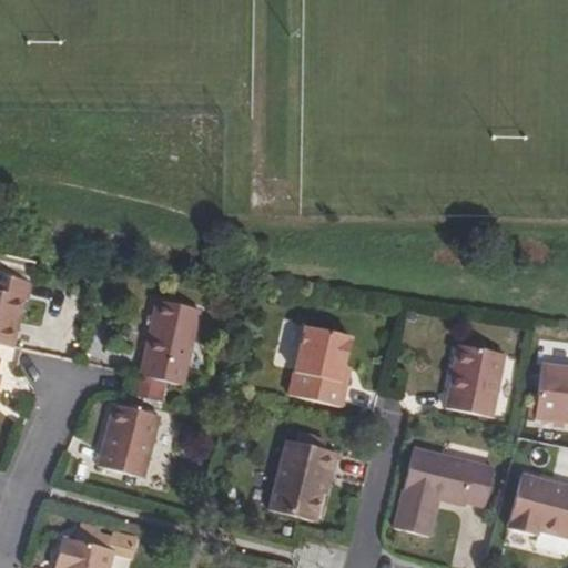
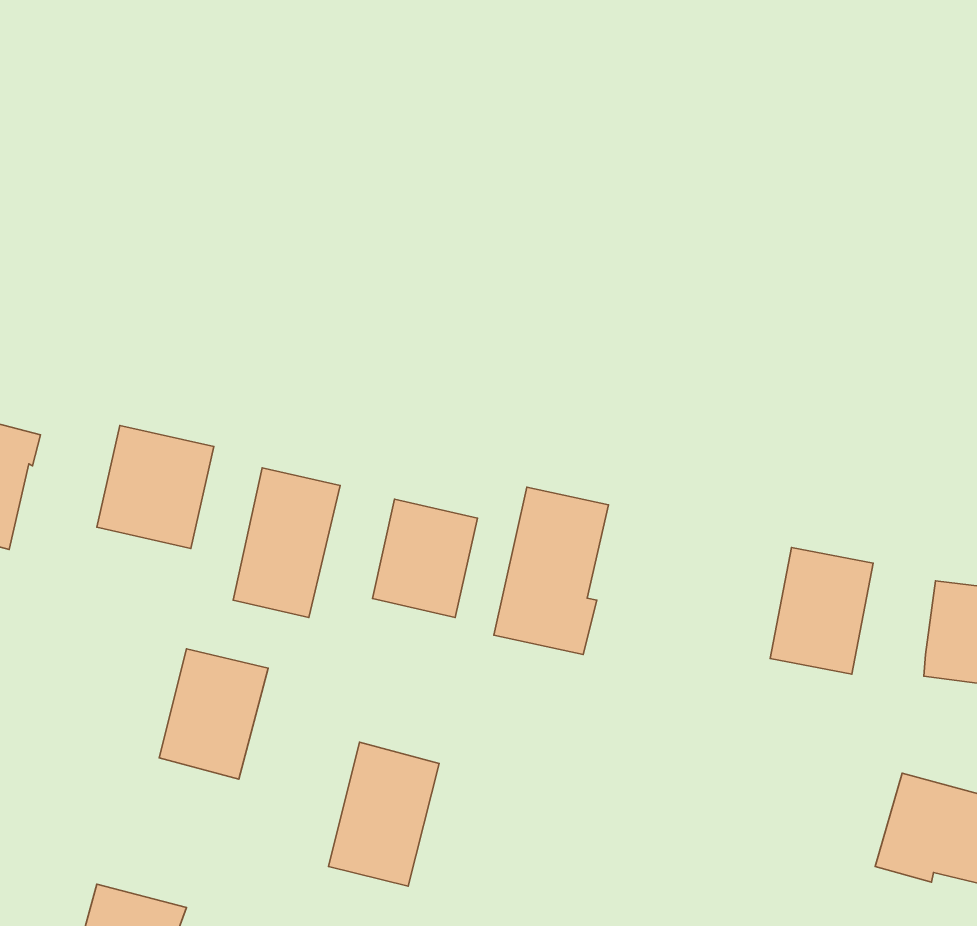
building: none -> [97,425,214,548]
building: none -> [372,499,478,617]
building: [268,439,332,521] -> [328,742,439,886]
building: [394,448,494,536] -> none

